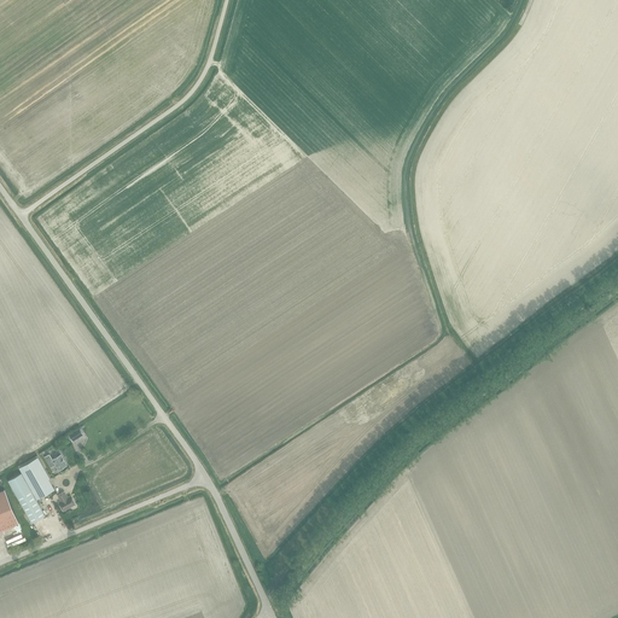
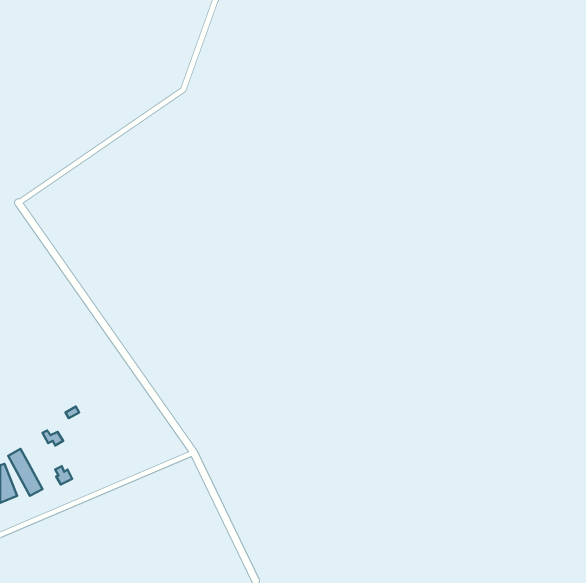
building: [18,457,49,491] -> none

